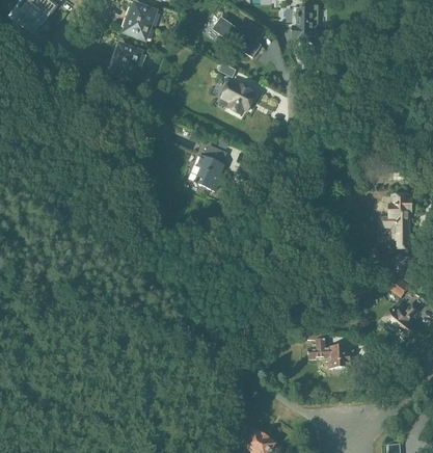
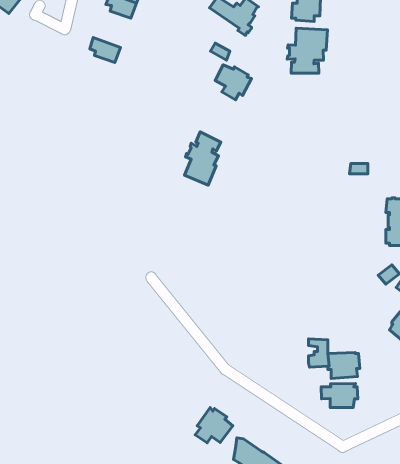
building: [111,44,141,65] -> none
building: none -> [287,28,327,73]
building: none -> [321,383,358,407]
building: none -> [195,407,233,443]

